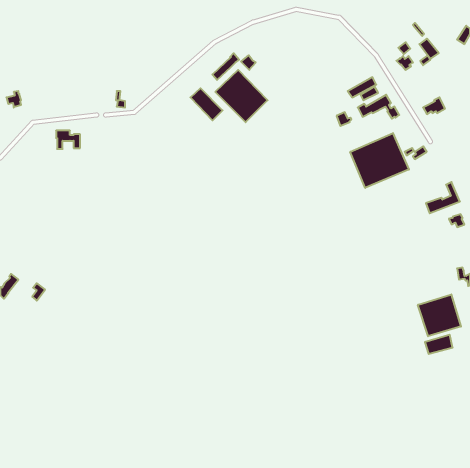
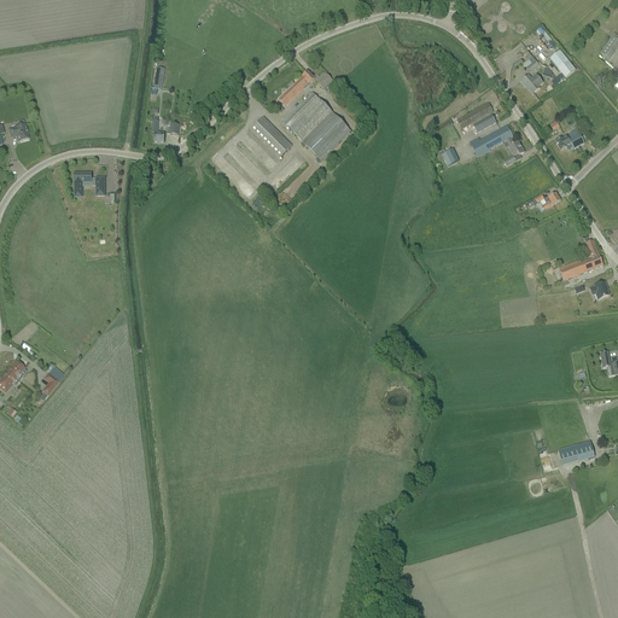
building: [350,133,409,188] -> none
building: [418,294,461,336] -> none

